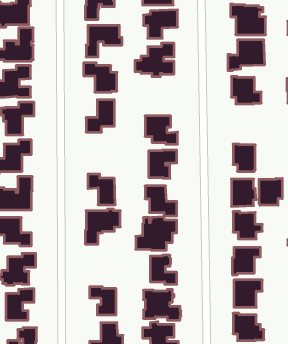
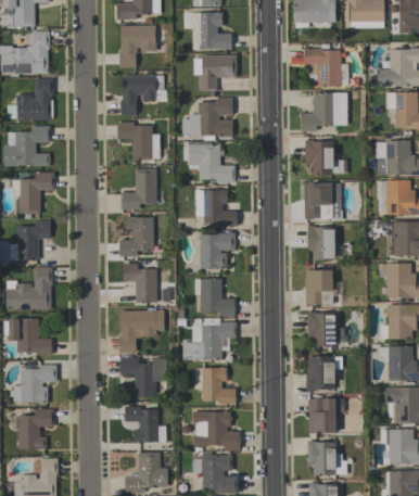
building: none -> [183,141,234,182]
building: none -> [305,182,342,220]
building: none -> [119,217,153,257]
building: [259,178,282,205] -> none
building: none -> [118,358,166,399]

